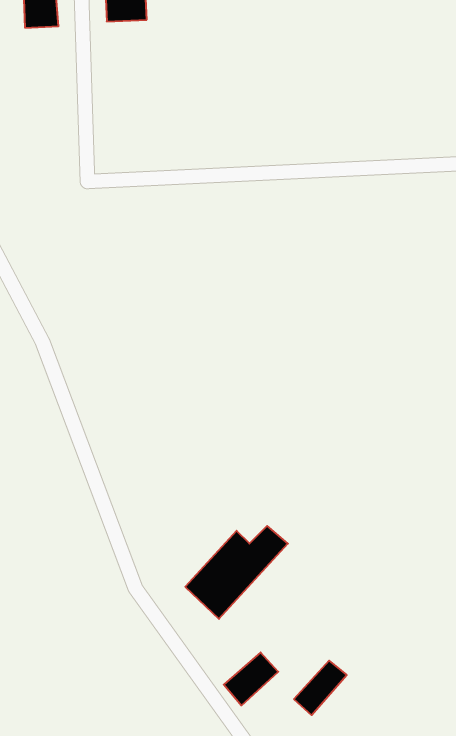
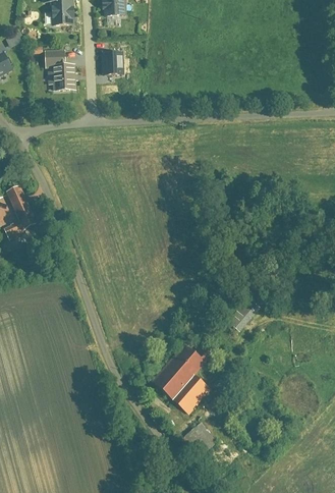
building: none -> [42,49,74,86]
building: none -> [103,51,124,73]
building: [294,661,347,715] -> [176,377,210,412]

